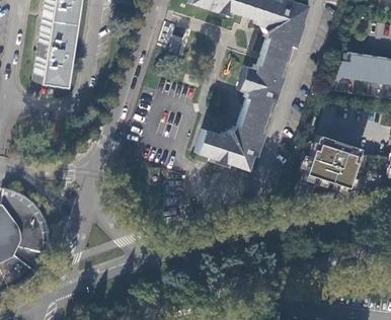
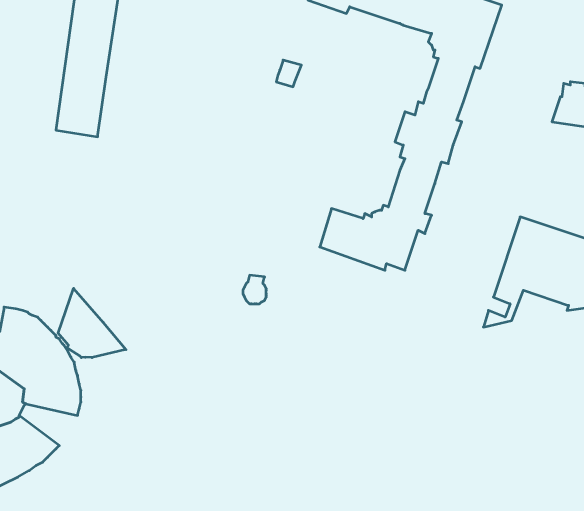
building: none -> [58,288,126,358]

